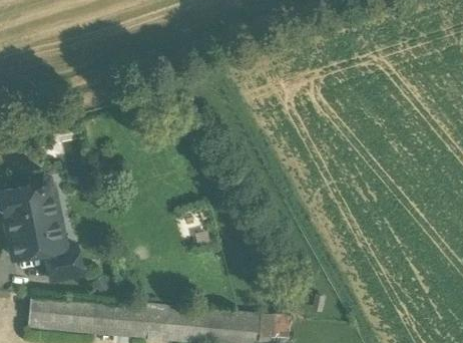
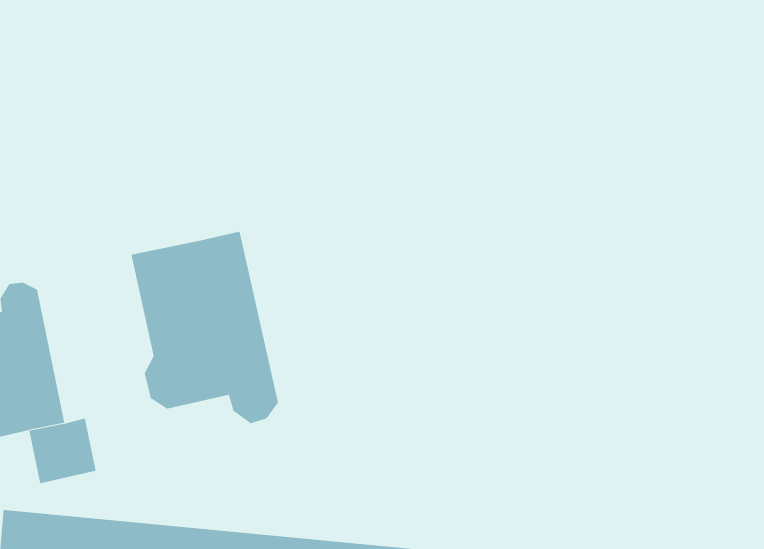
building: none -> [131,231,279,424]

